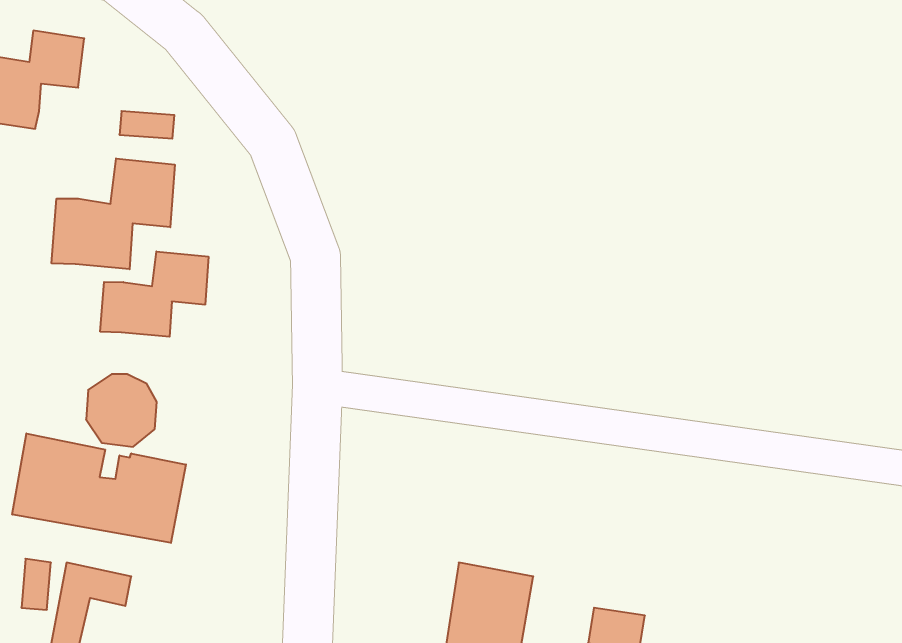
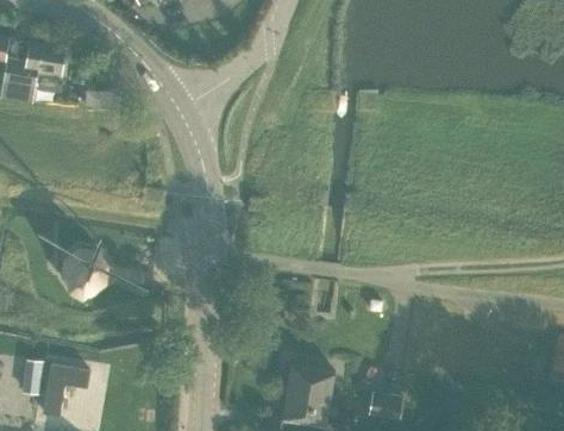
building: [52,158,175,269] -> none
building: [100,251,208,337] -> none
building: [12,433,186,543] -> none

